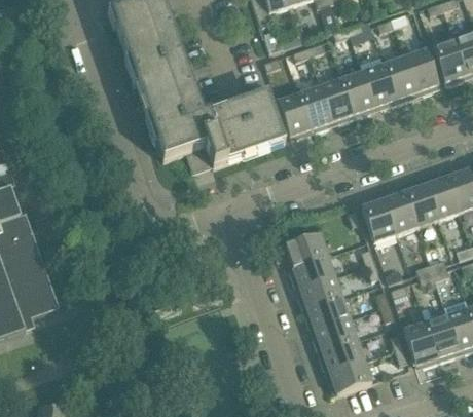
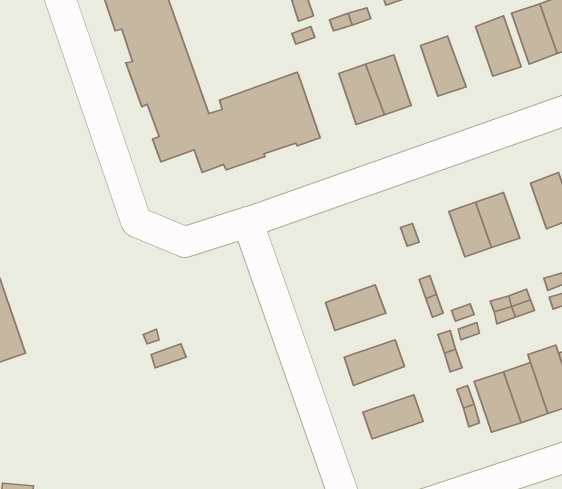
building: [383,55,417,102] -> none
building: [341,70,375,116] -> none
building: [278,91,313,139] -> none
building: [426,176,459,218] -> none
building: [361,197,396,240] -> none
building: [281,232,327,267] -> none
building: [296,275,342,309] -> none
building: [311,316,357,351] -> none
building: [325,358,372,394] -> none

